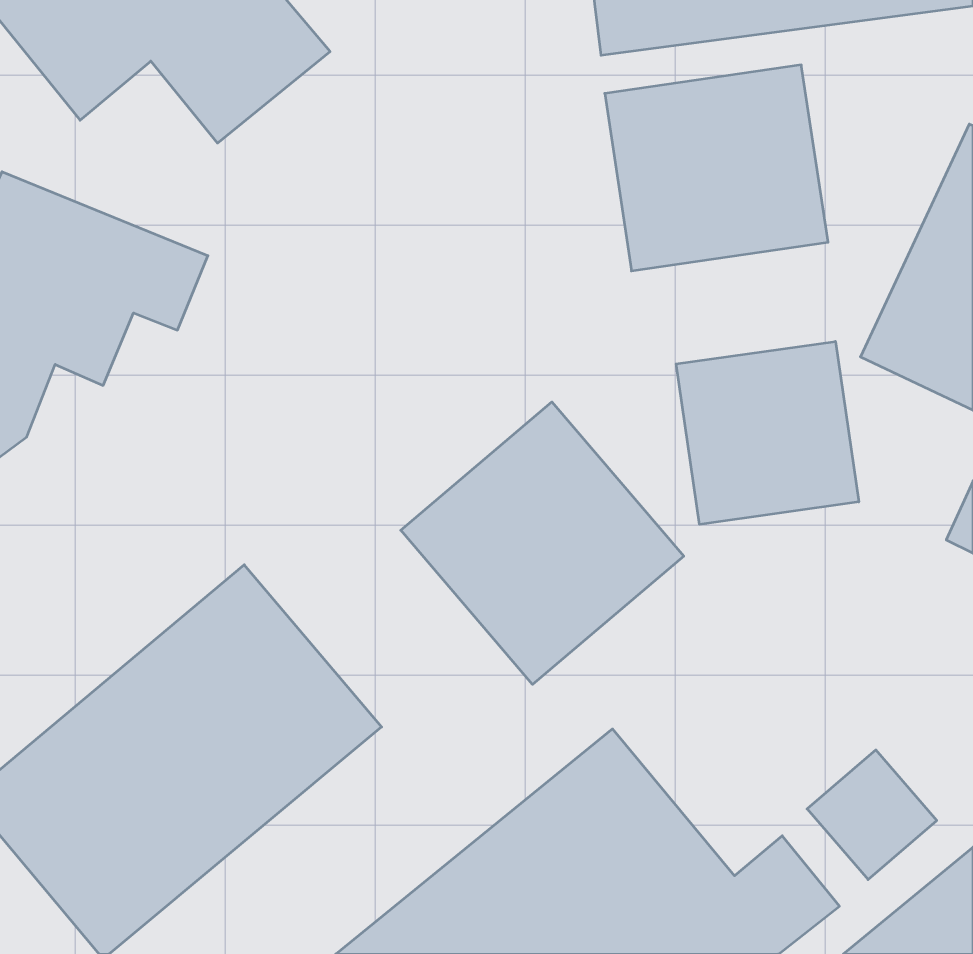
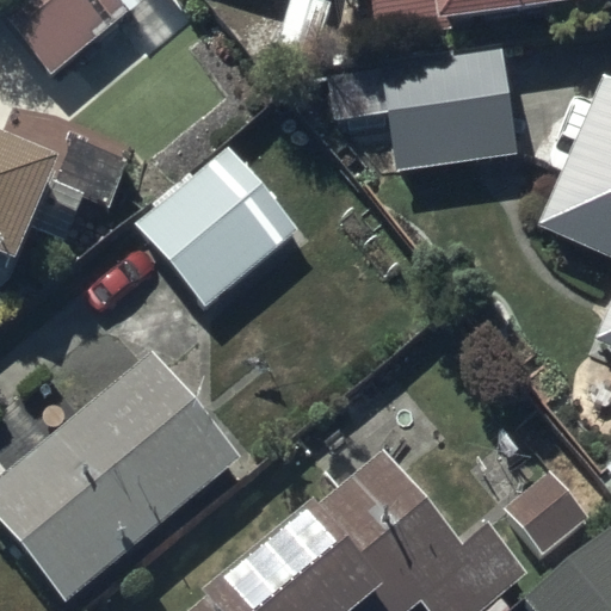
building: none -> [136,155,285,304]
building: [676,341,859,524] -> none
building: [401,402,684,684] -> none

